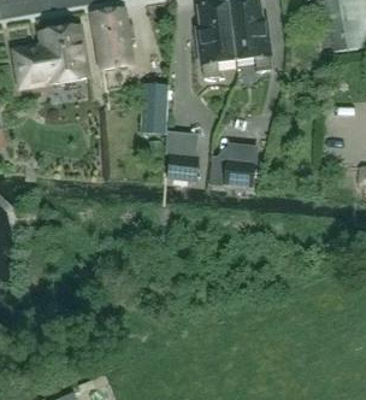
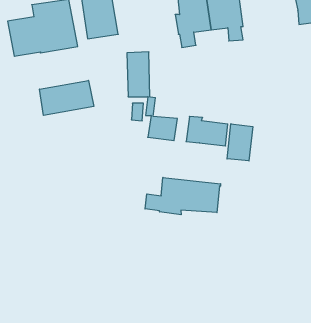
building: none -> [40,80,94,115]
building: none -> [227,124,253,161]
building: none -> [145,177,221,215]

